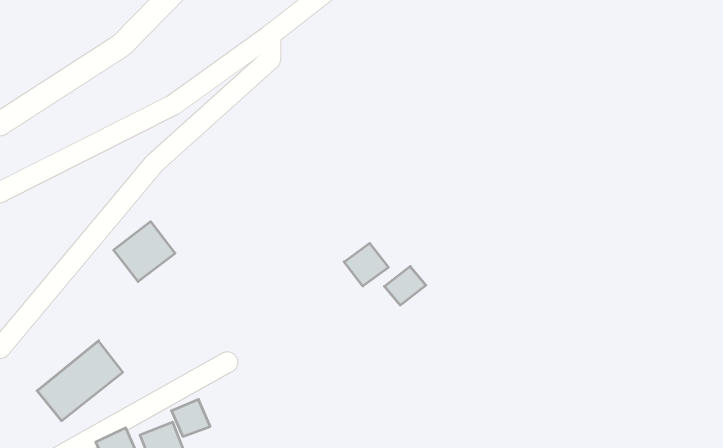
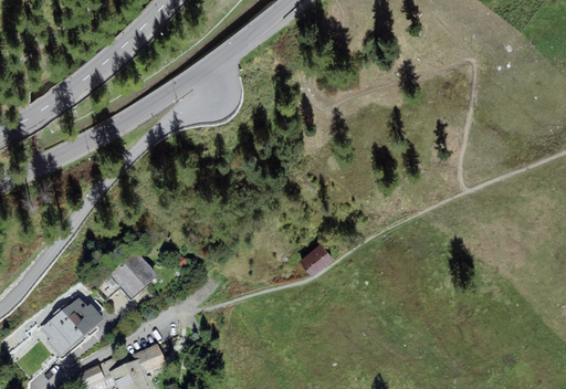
building: [114,222,175,282] -> [109,252,157,298]
building: [344,243,388,286] -> none

